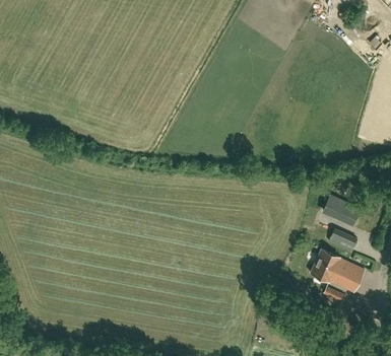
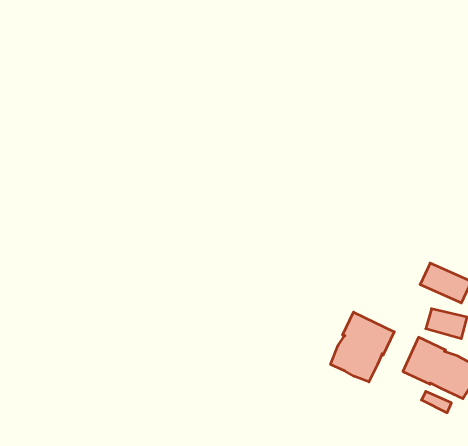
building: none -> [331,312,394,382]

